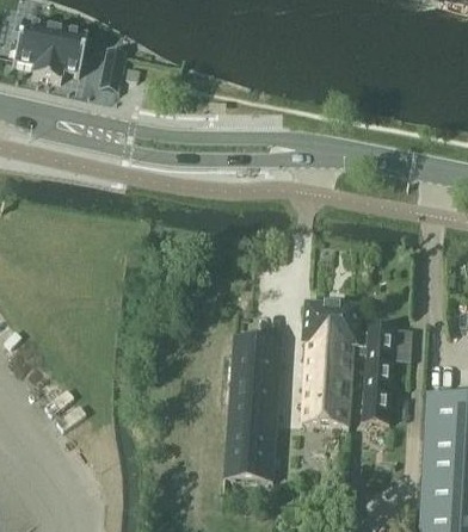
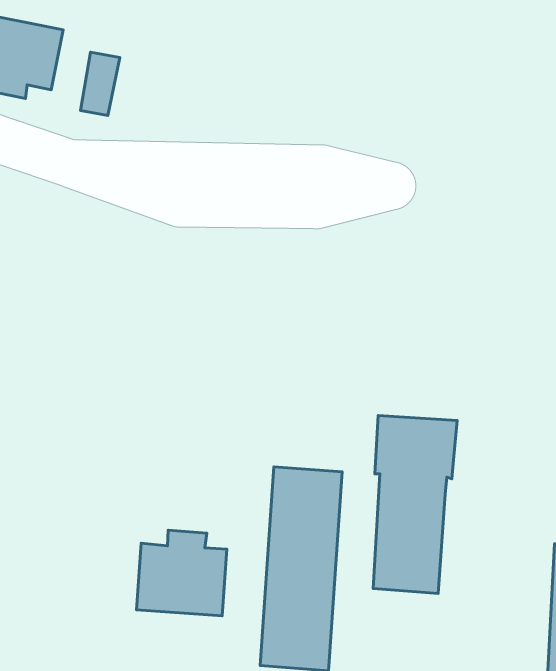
building: [352,324,411,421] -> none
building: none -> [137,530,227,616]

